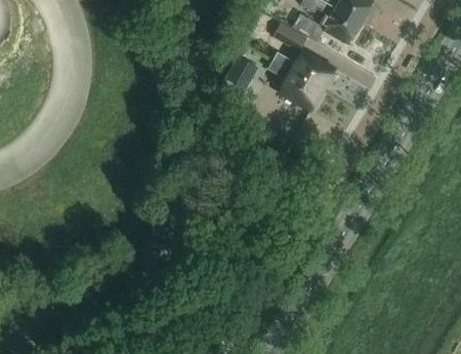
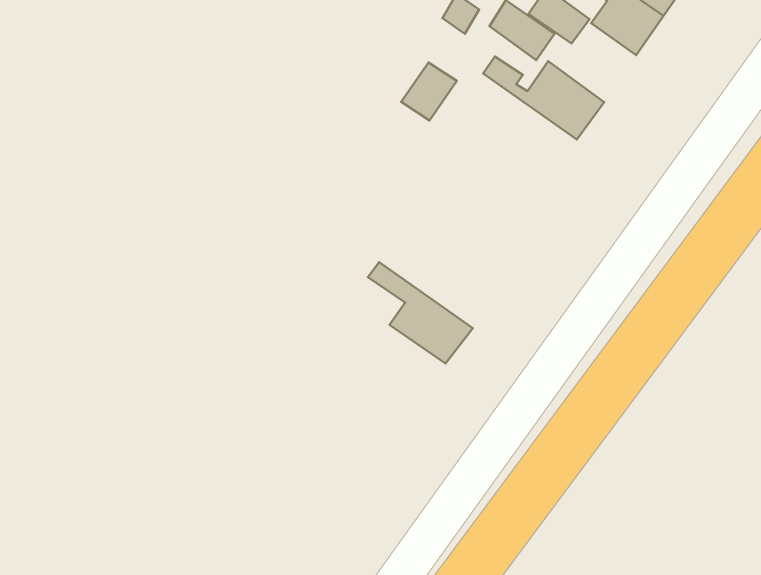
building: [265,62,322,111] -> [368,262,473,364]

